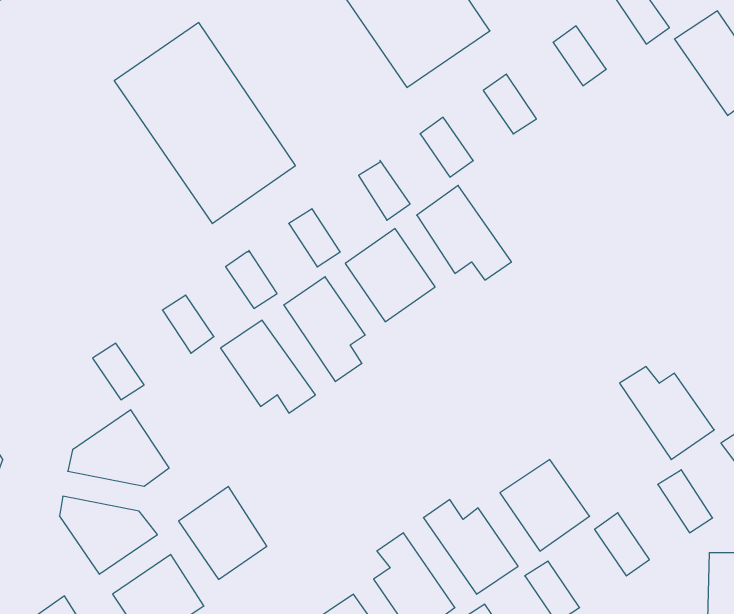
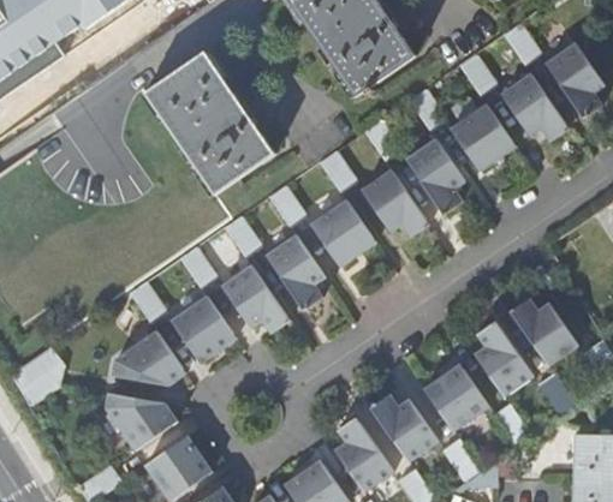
building: none -> [505,72,572,141]
building: none -> [454,103,518,171]
building: none -> [409,138,468,214]
building: none -> [474,322,532,398]
building: [179,486,267,579] -> [171,295,234,363]

